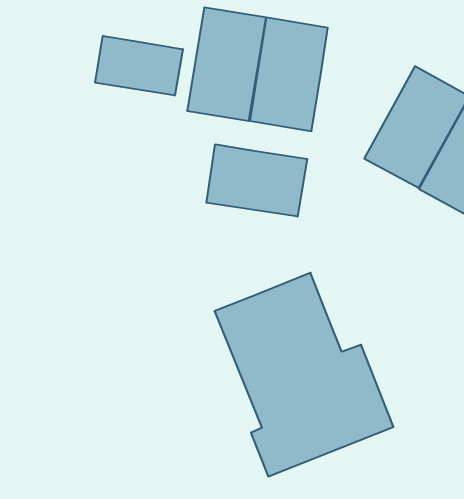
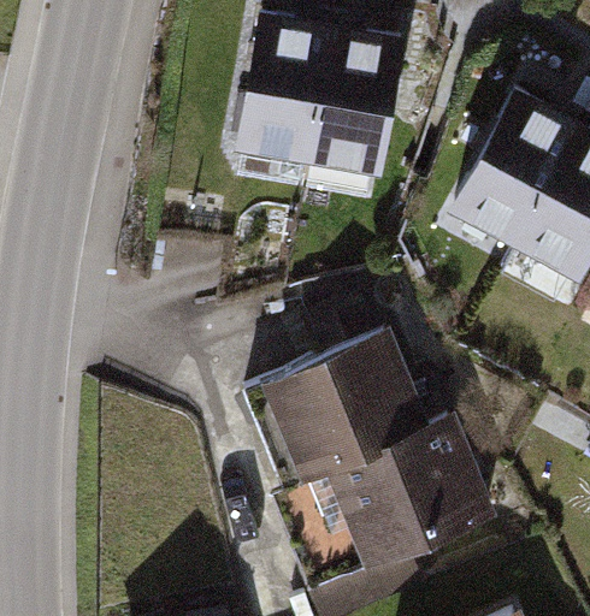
building: [95,36,183,96] -> none
building: [206,144,307,217] -> none

